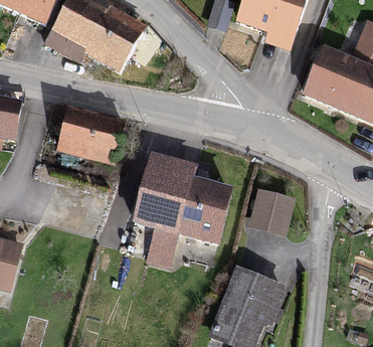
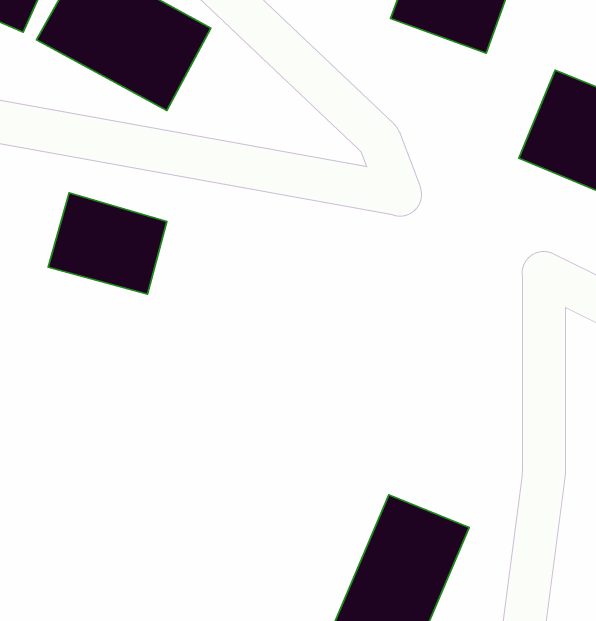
building: [132,159,225,265] -> none
building: [251,191,292,230] -> none

